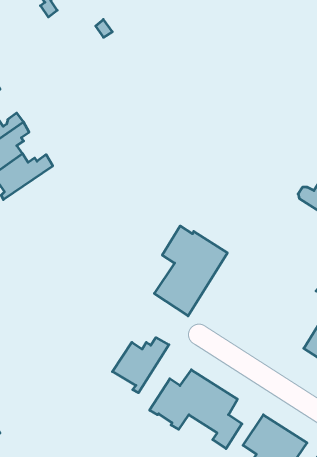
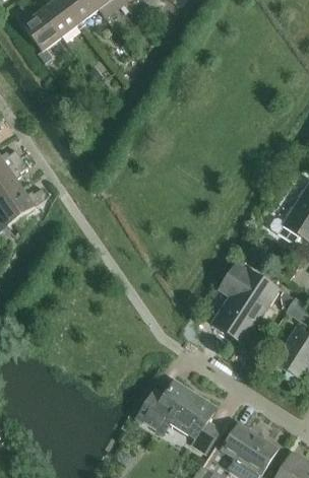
building: [154,226,227,316] -> [212,262,279,343]
building: [112,338,169,393] -> none

